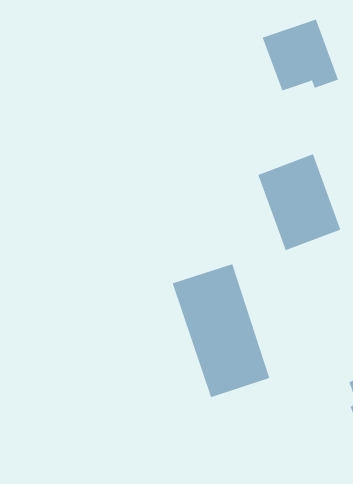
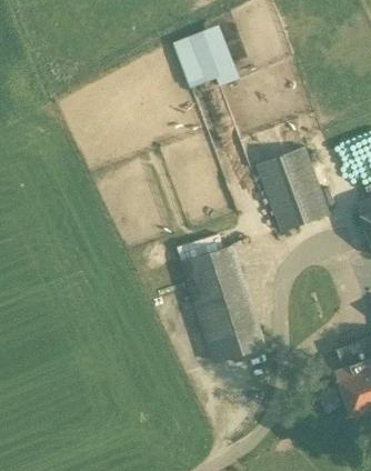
building: [262,19,339,91] -> [172,23,241,88]

